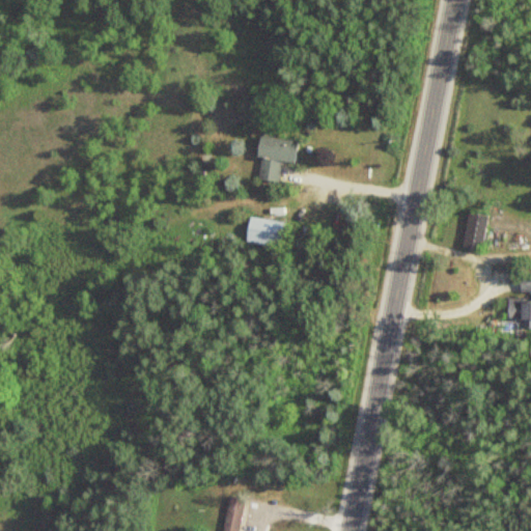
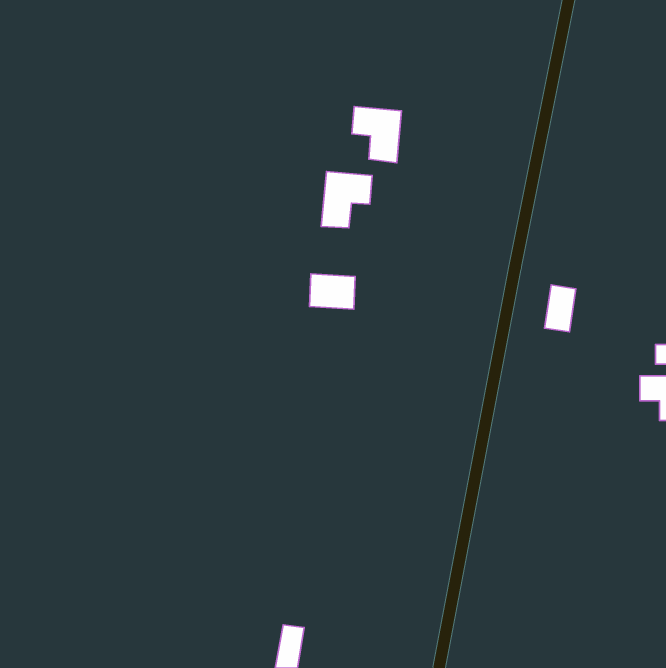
building: none -> [352,106,401,163]
building: [464,212,488,249] -> [545,285,576,332]

